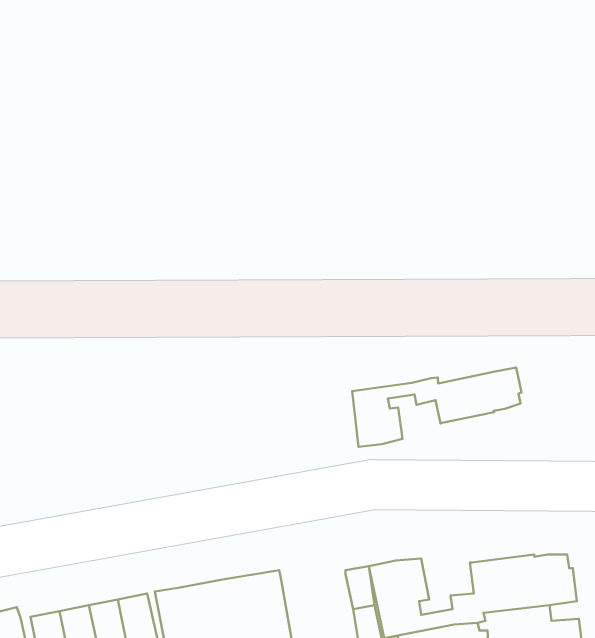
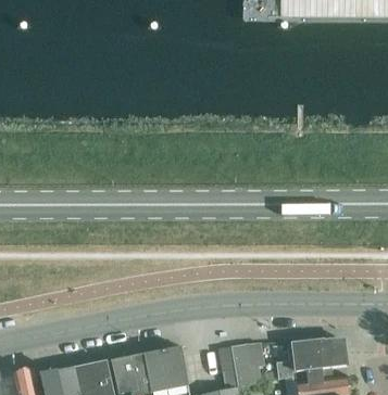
building: [352,368,522,447] -> none

